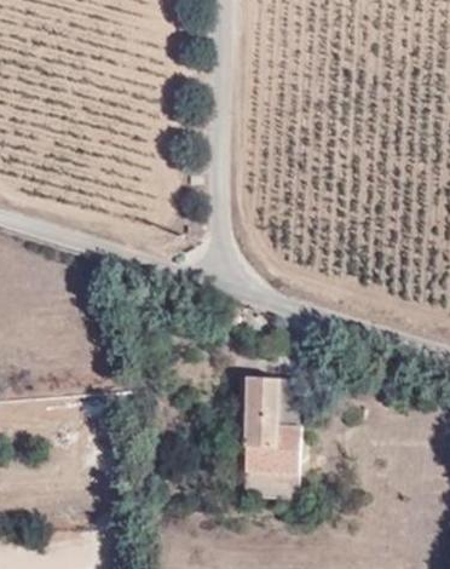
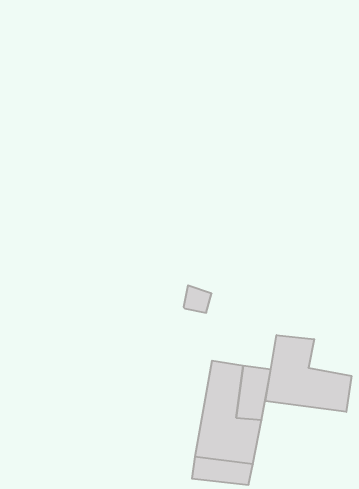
building: none -> [266,335,351,412]

